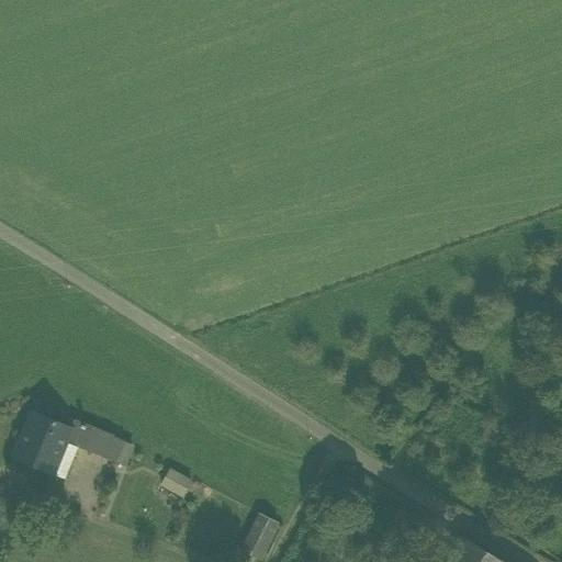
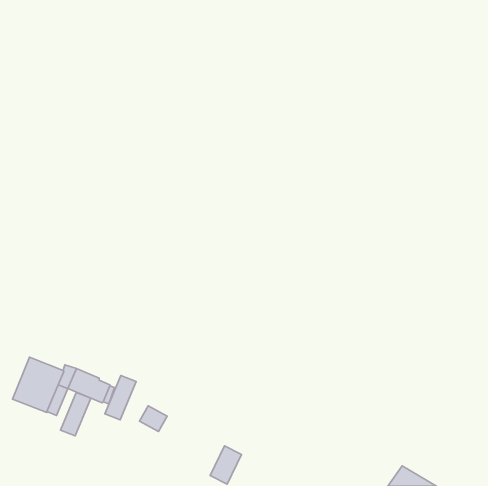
building: none -> [105,375,136,420]
building: none -> [60,392,91,436]

